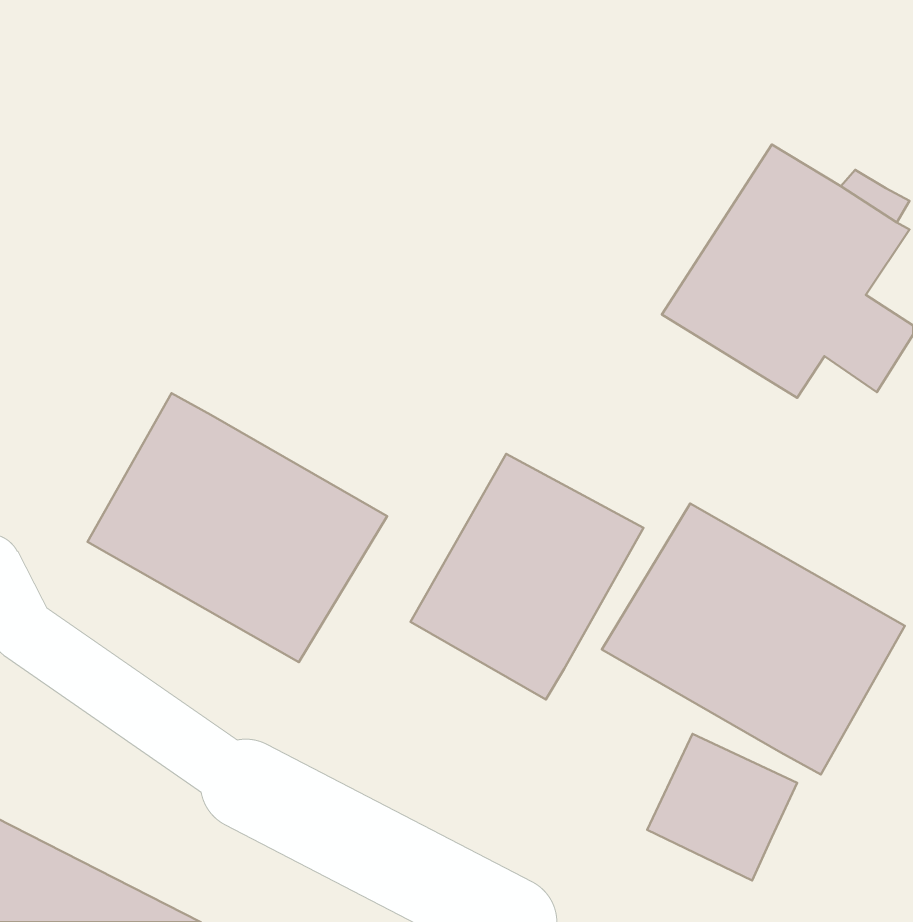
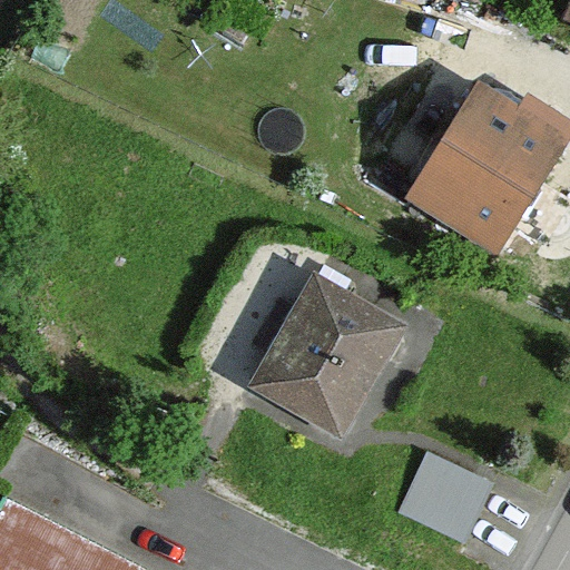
building: [87,393,387,662] -> none
building: [602,504,905,775] -> none

